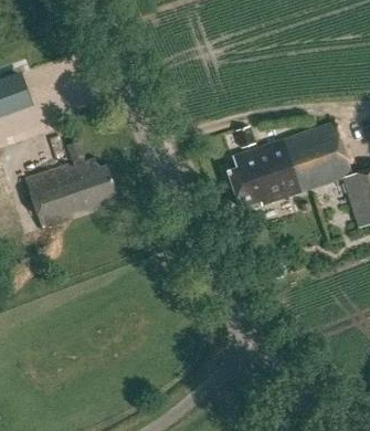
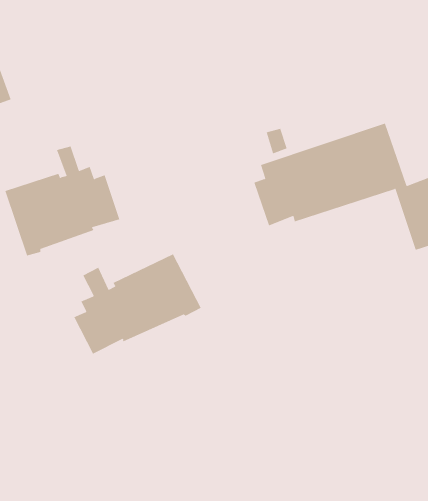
building: none -> [73,254,202,354]

